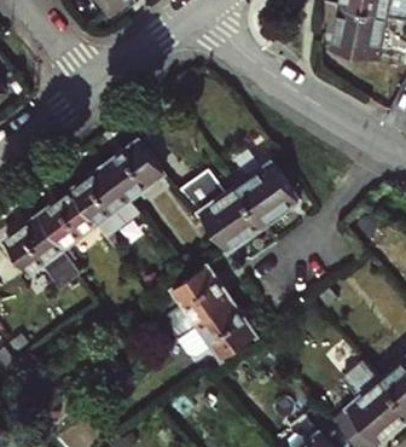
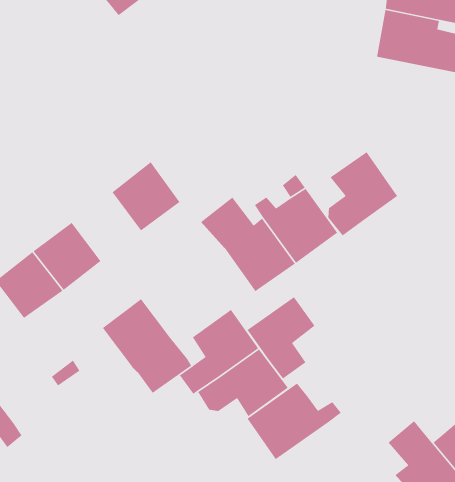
building: none -> [327,151,398,237]
building: [70,167,147,249] -> [102,298,192,394]
building: none -> [247,296,315,379]
building: none -> [246,382,342,460]

